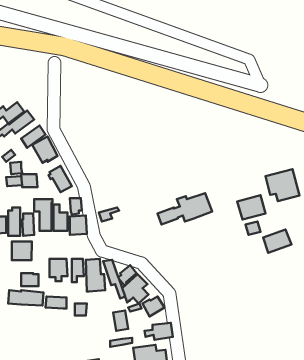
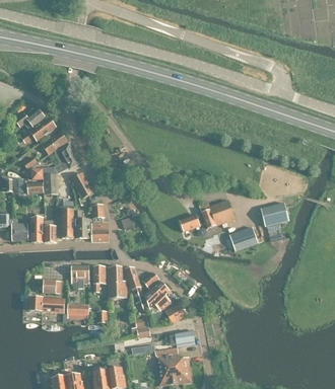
building: [266,169,299,201] -> none
building: [263,229,291,253] -> [229,228,258,251]
building: [12,241,32,260] -> none

